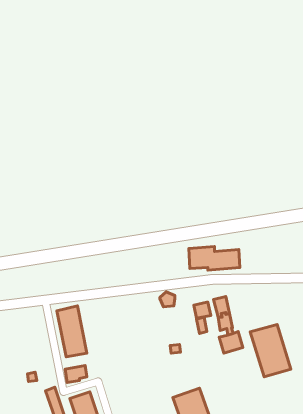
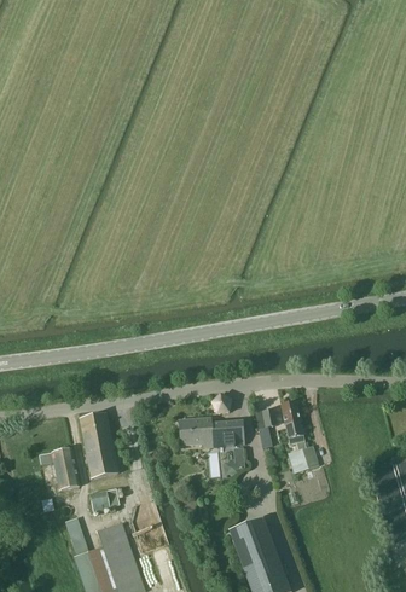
building: [189,247,240,270] -> [179,417,244,447]
building: [250,324,291,377] -> none
building: none -> [39,447,80,489]

